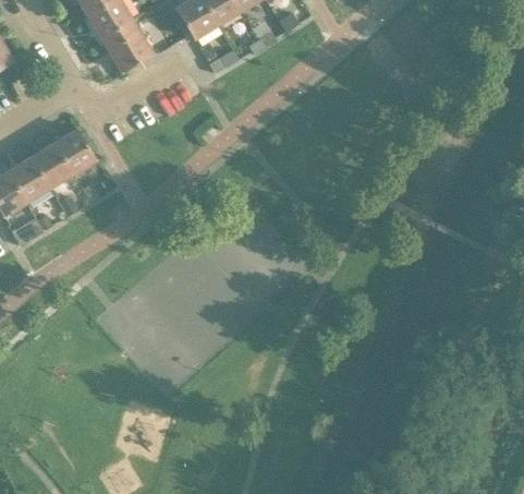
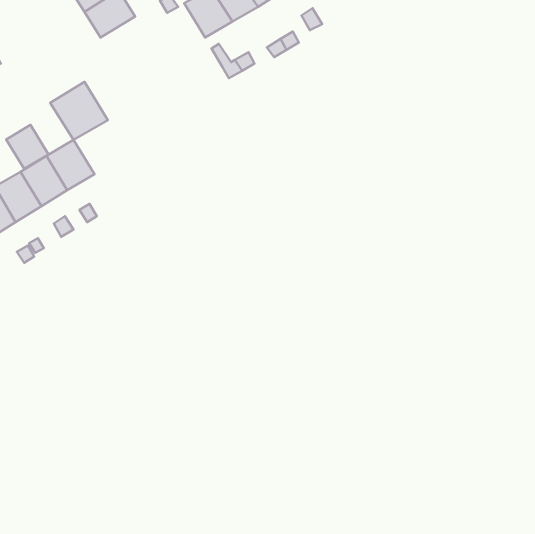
building: [101,20,153,71] -> [50,82,108,140]
building: none -> [6,125,49,169]

